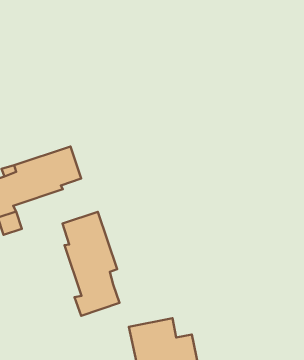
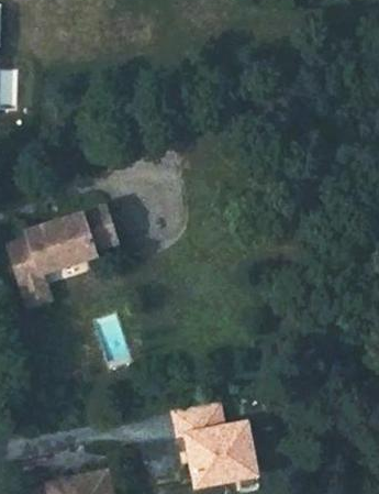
building: [62,212,120,316] -> none

